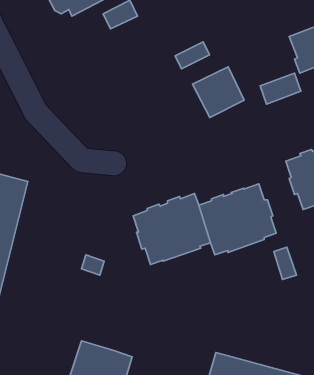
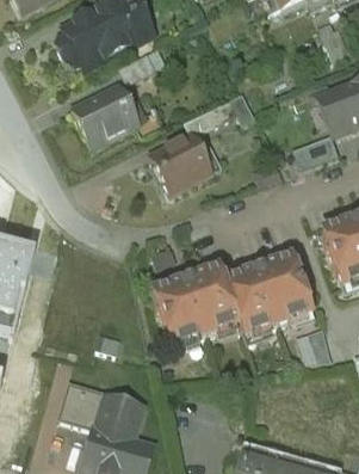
building: none -> [70,86,141,147]
building: [193,67,244,117] -> [151,135,209,191]
building: none -> [57,381,142,439]

